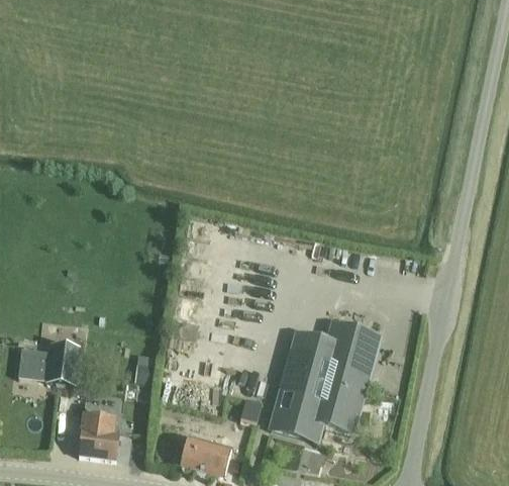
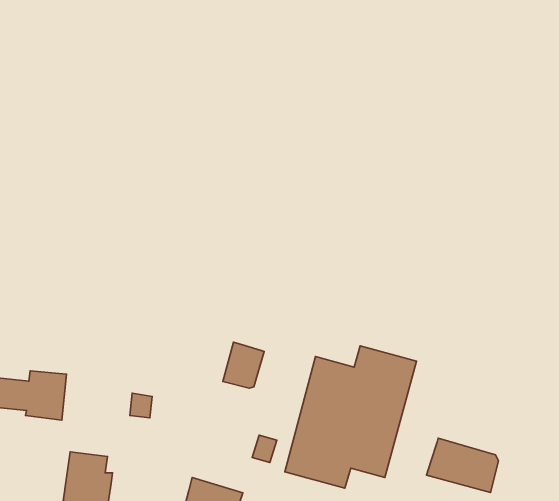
building: none -> [223,342,264,388]
building: none -> [427,438,498,492]

